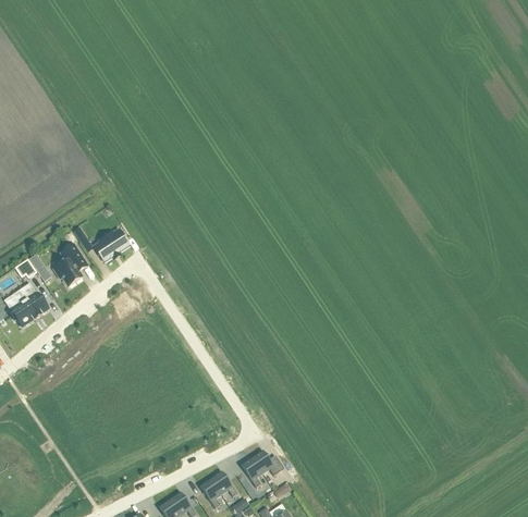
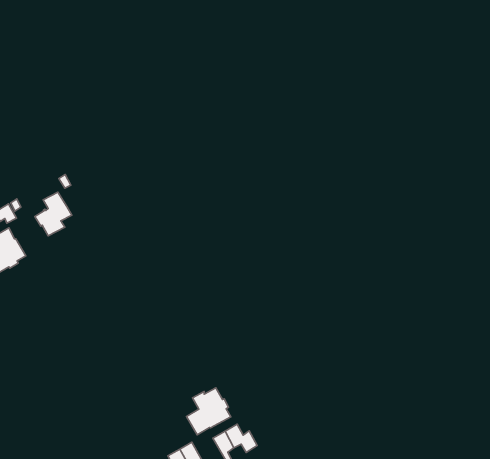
building: [95,231,128,260] -> none
building: none -> [187,388,231,435]

